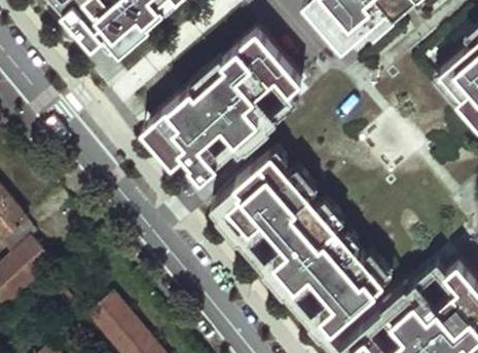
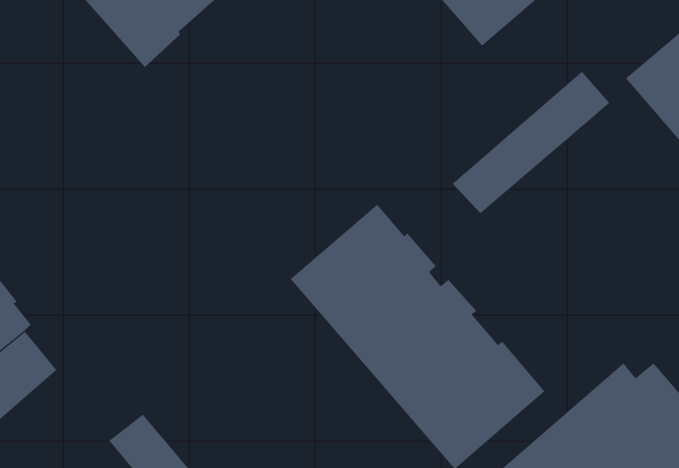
building: [146,31,309,178] -> none
building: none -> [452,71,610,214]

